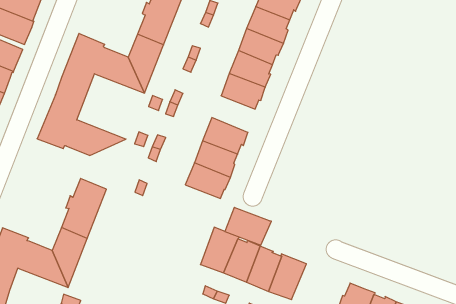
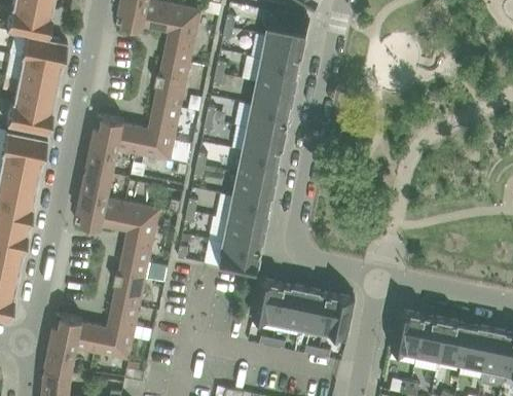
building: none -> [239,150,279,181]
building: none -> [122,208,159,259]
building: [225,207,271,245] -> [219,242,262,274]

